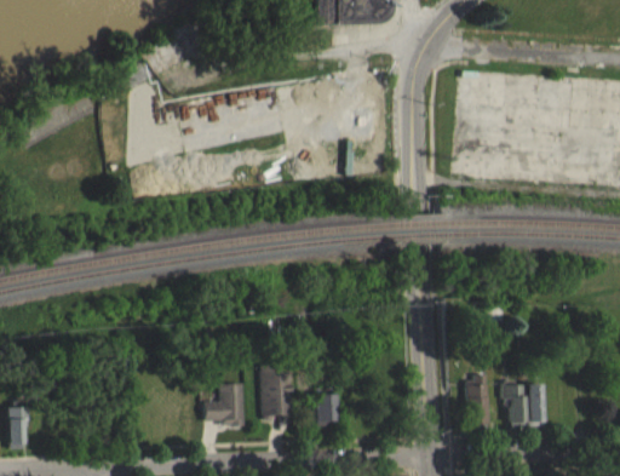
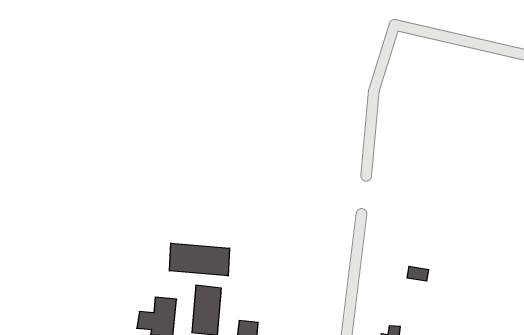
building: none -> [169,243,230,276]

